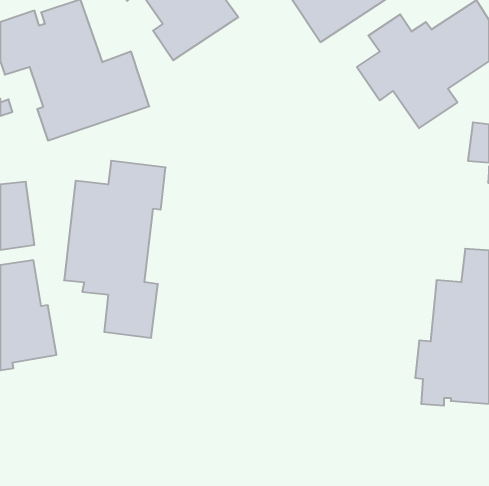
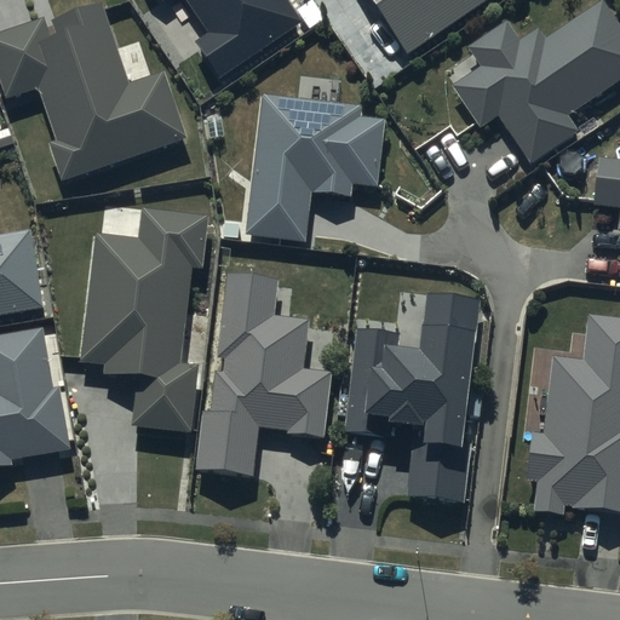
building: none -> [247,92,385,240]
building: none -> [199,271,331,473]
building: none -> [343,292,477,503]

